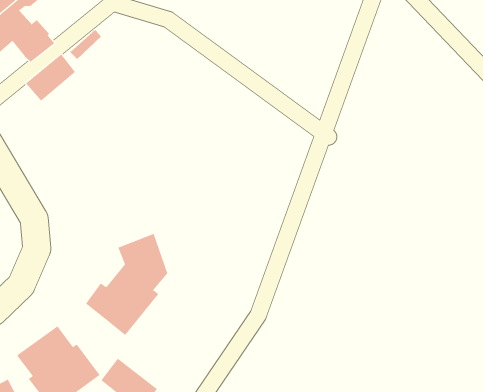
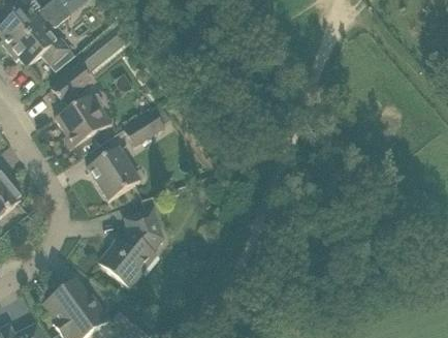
building: none -> [54,91,110,145]
building: none -> [122,109,163,145]
building: none -> [86,145,139,198]

